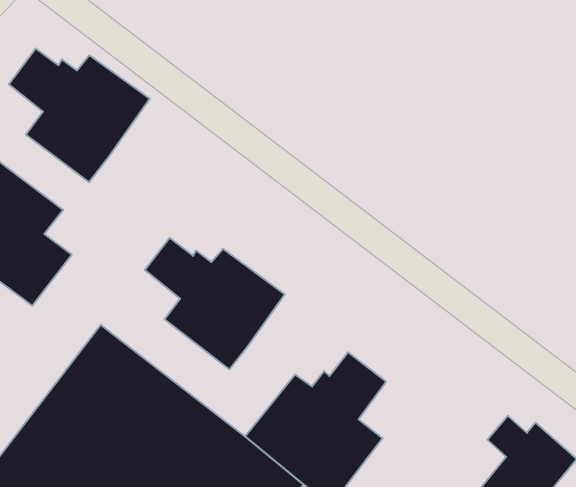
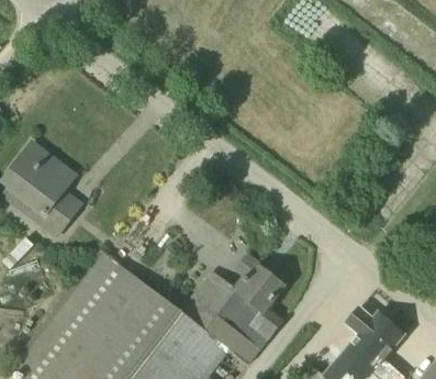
building: [9,48,150,182] -> none
building: [145,238,285,369] -> none

